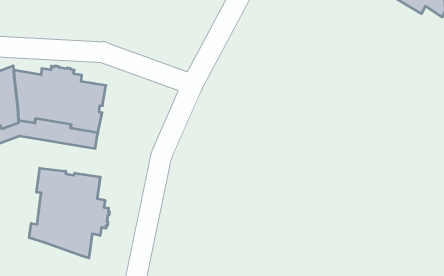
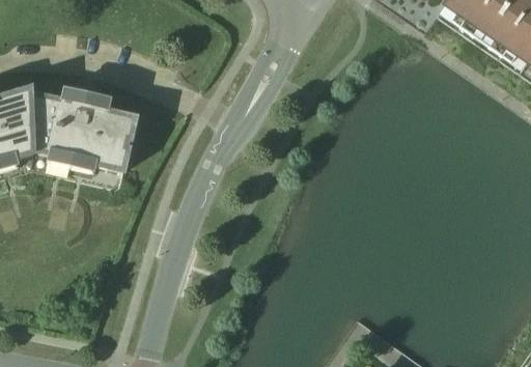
building: [29,168,109,258] -> none

